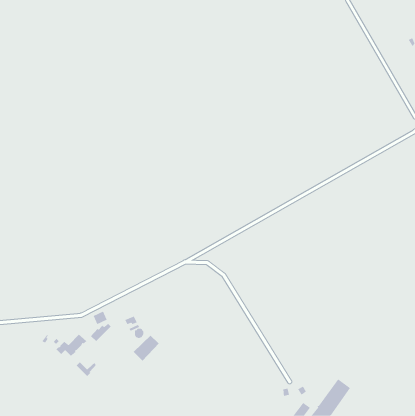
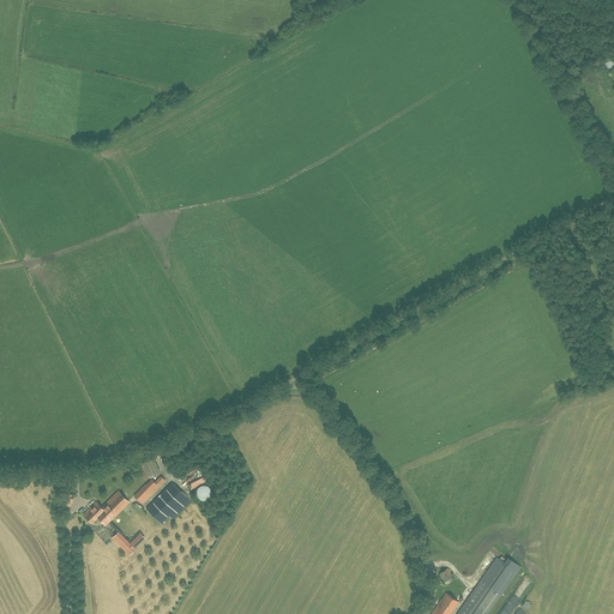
building: [133,335,160,362] -> [145,483,185,523]

